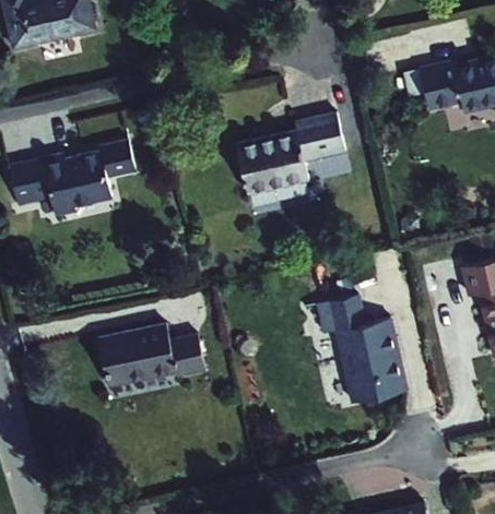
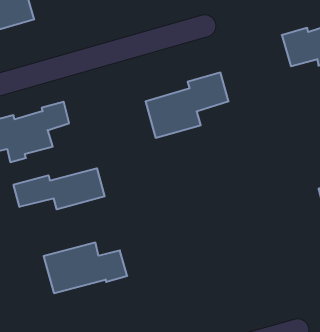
building: none -> [14,168,105,209]
building: [318,298,404,405] -> none

